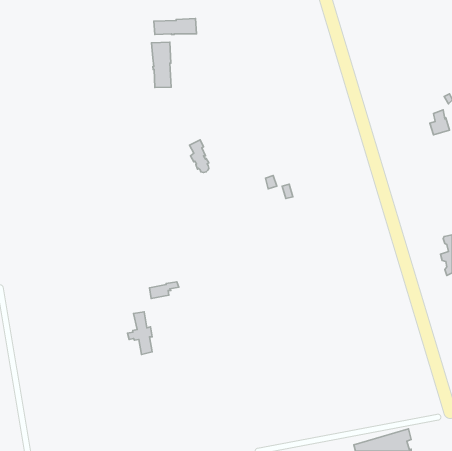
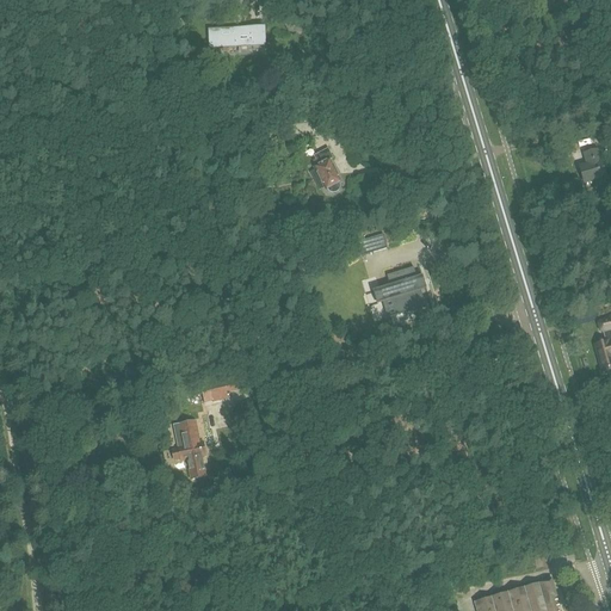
building: [152,42,171,87] -> none
building: [189,140,209,173] -> [313,144,339,189]
building: none -> [376,266,426,313]

